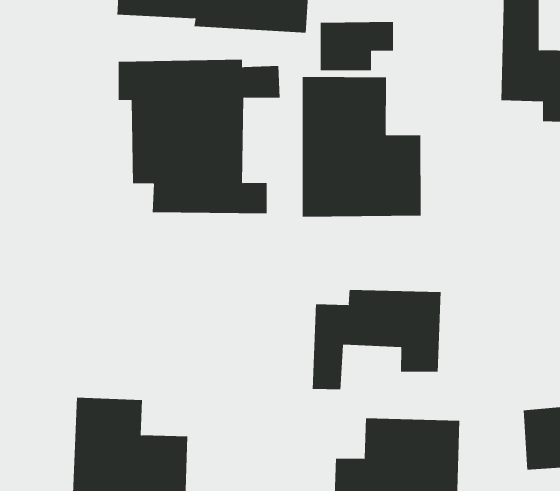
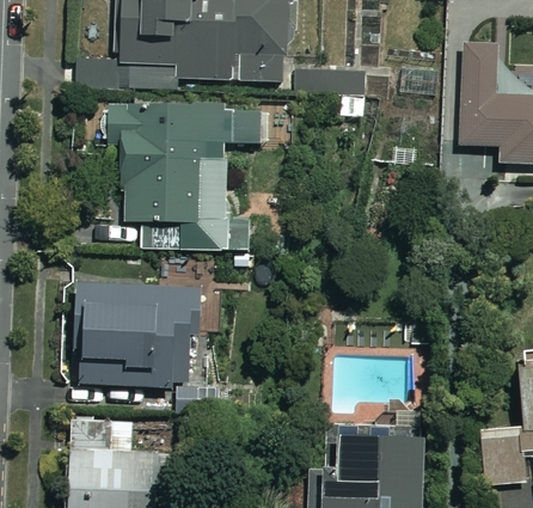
building: [302,76,421,218] -> none
building: none -> [82,277,222,406]
building: [312,289,441,390] -> none

